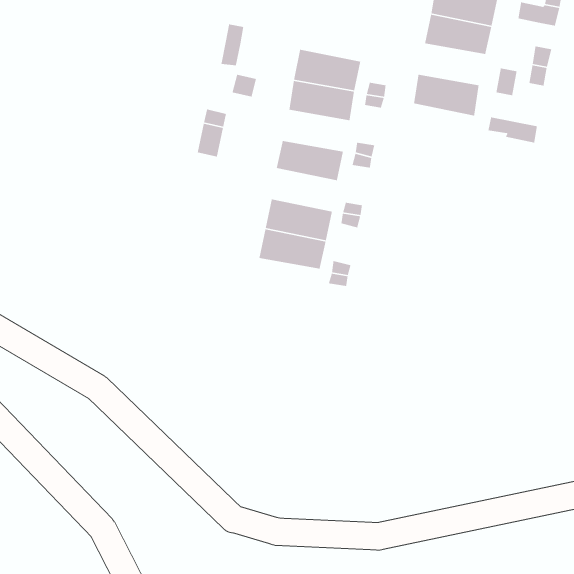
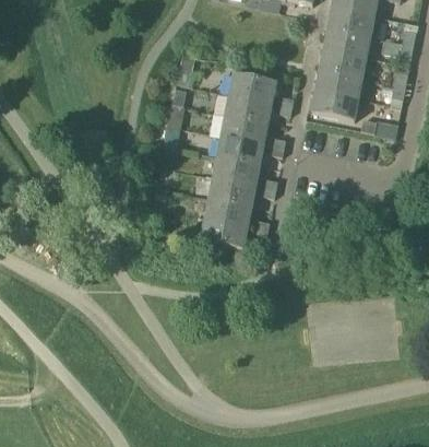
building: none -> [314,70,361,98]
building: none -> [221,116,267,144]
building: none -> [213,156,259,186]
building: none -> [200,219,247,248]

